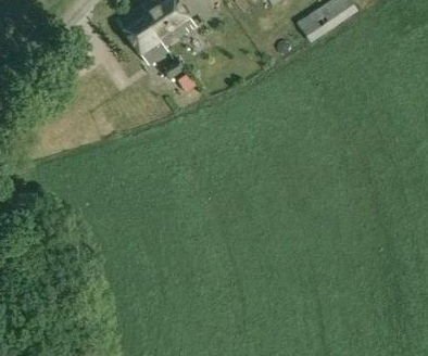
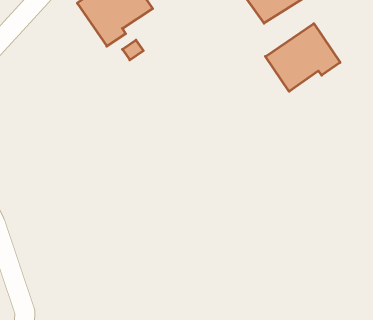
building: none -> [265,24,340,91]

